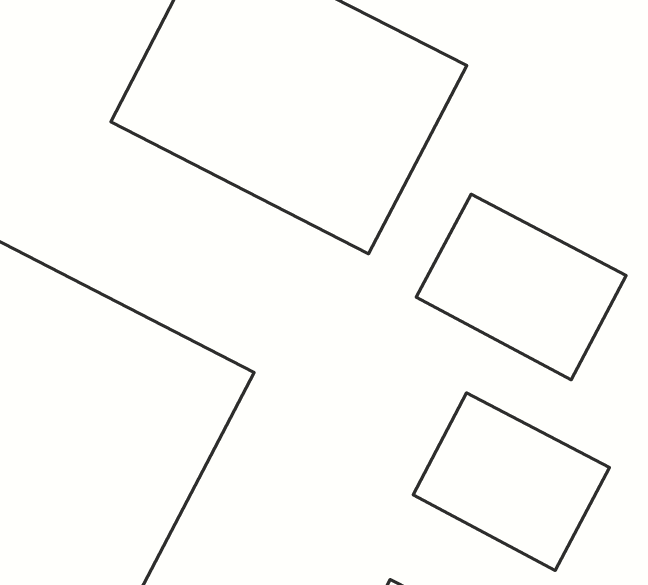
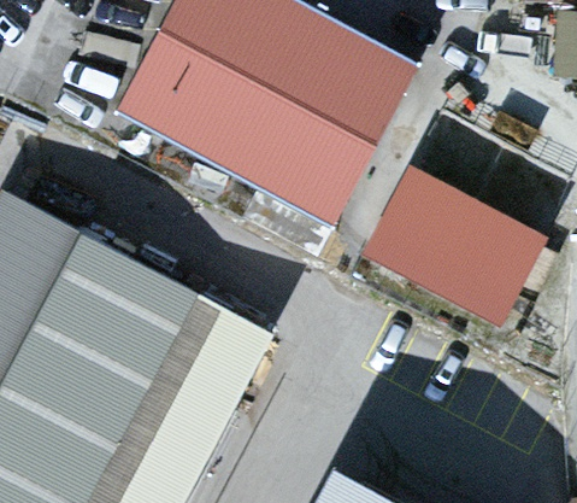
building: [413,393,609,571] -> none

